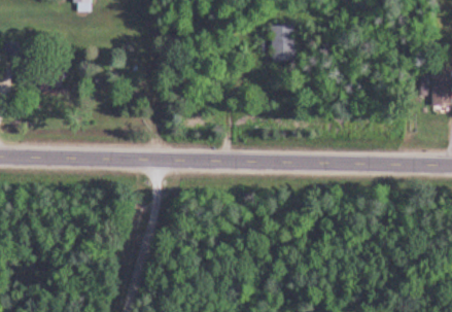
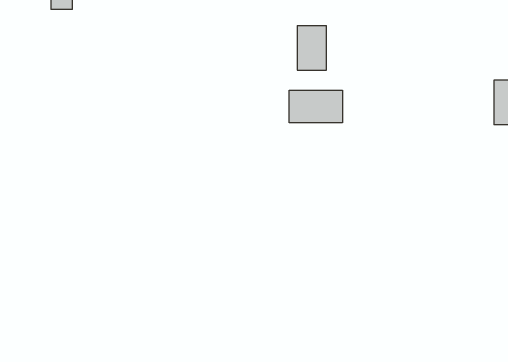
building: none -> [289,90,342,123]

